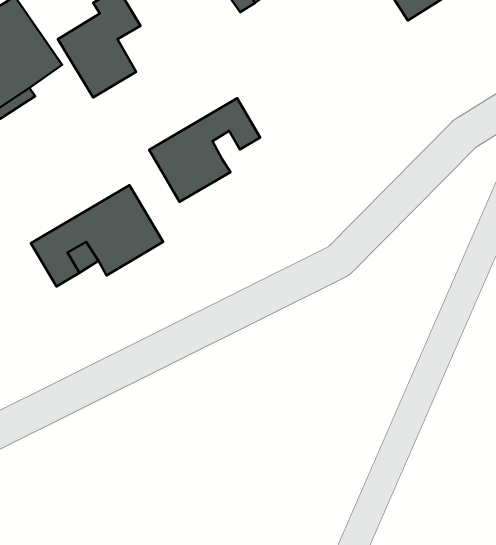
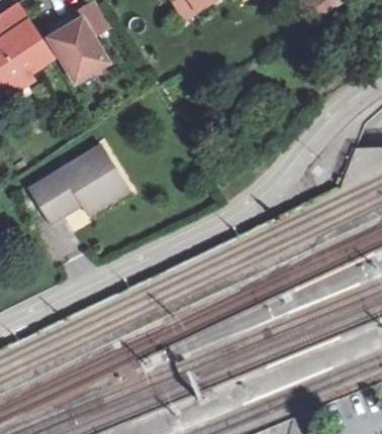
building: [149,98,260,202] -> none

